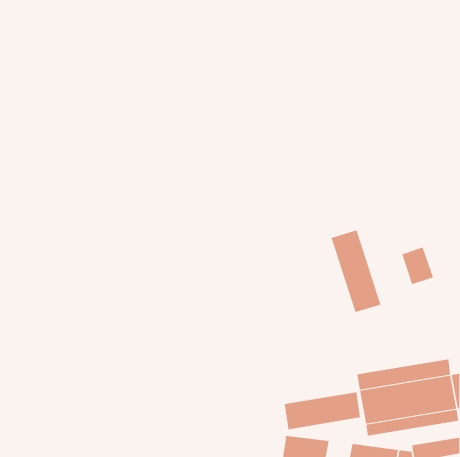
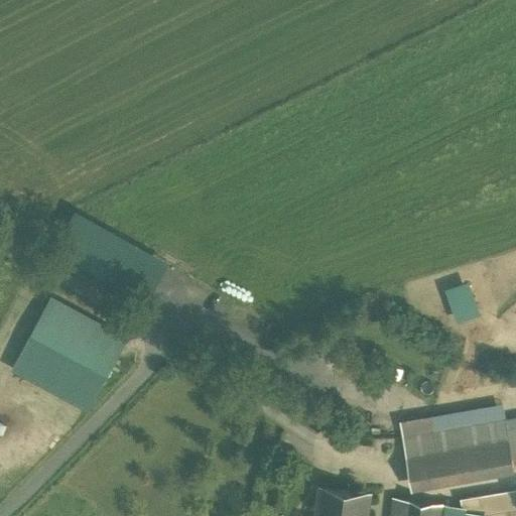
building: [331,230,381,313] -> none
building: none -> [14,300,126,410]
building: [284,392,361,430] -> none

